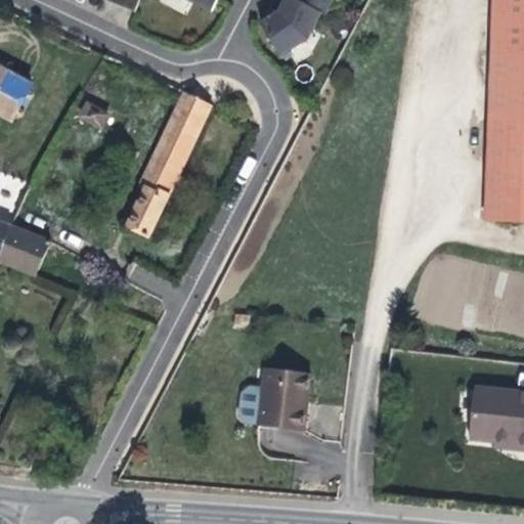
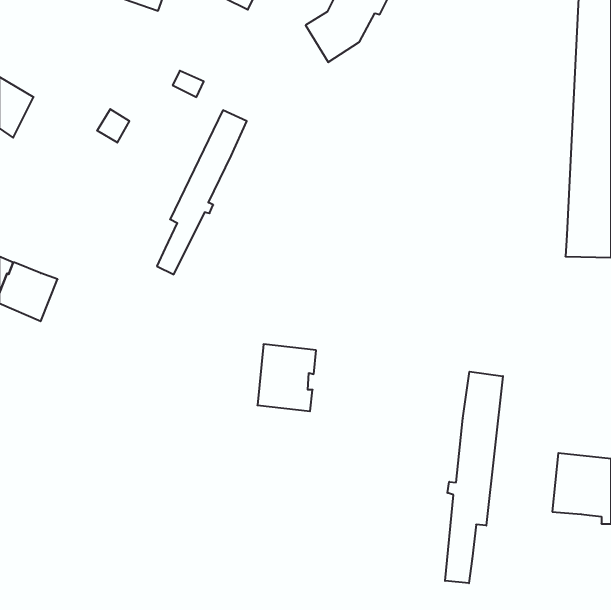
building: none -> [445,372,503,583]
building: [258,373,308,430] -> [257,344,316,411]

